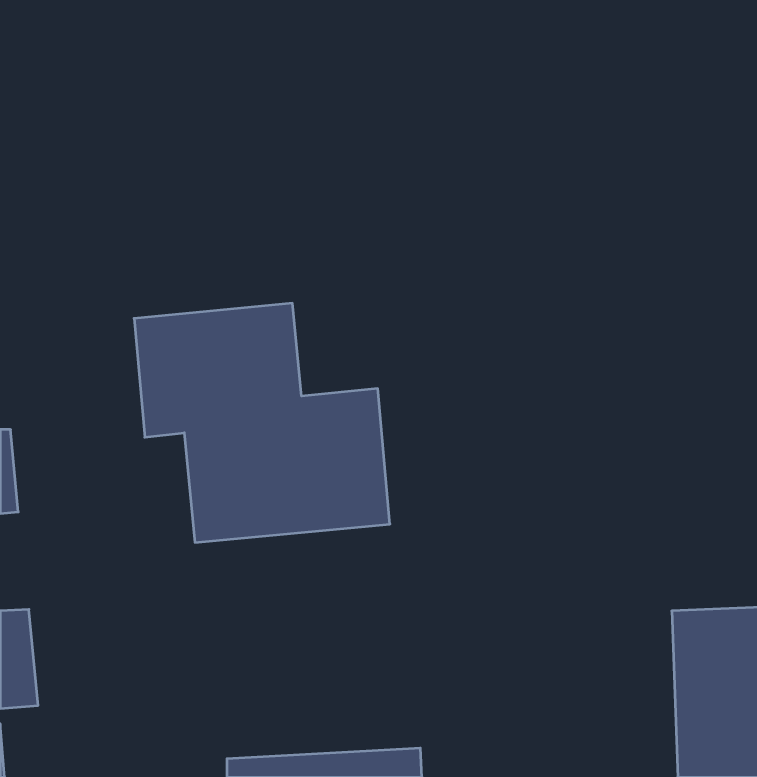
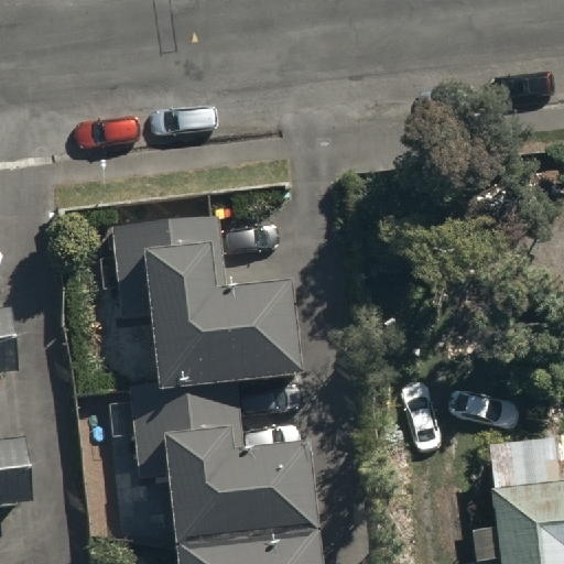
building: none -> [134,422,310,540]

